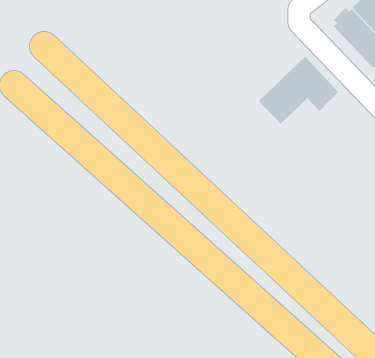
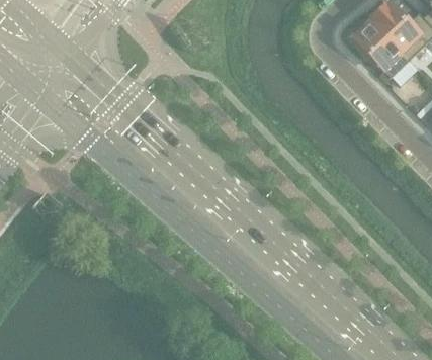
building: [258,56,339,125] -> none

